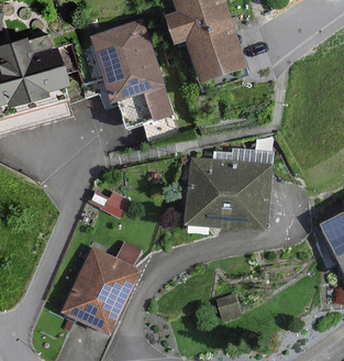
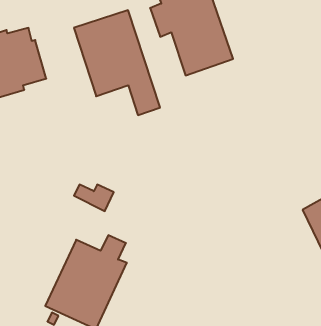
building: [185,149,274,232] -> none

